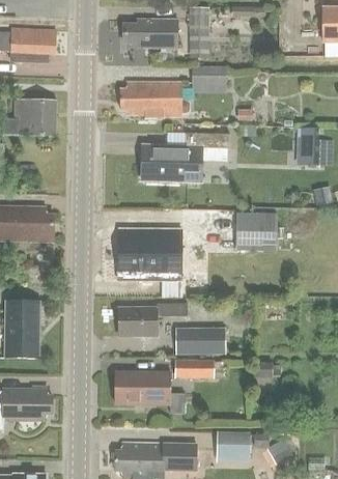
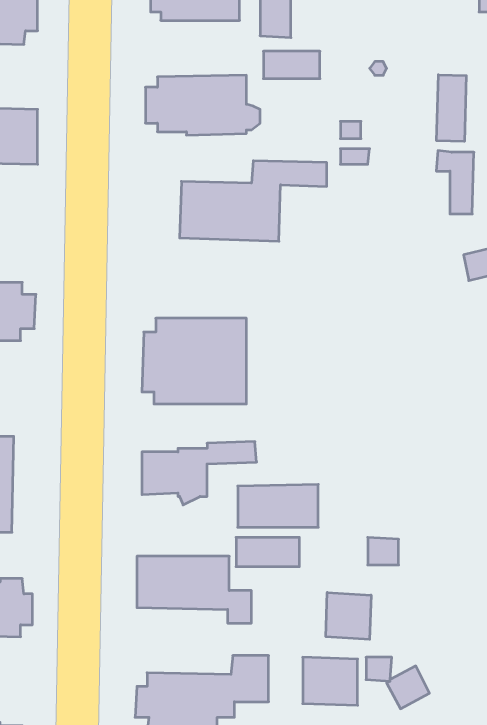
building: none -> [437,75,466,141]
building: [236,212,277,248] -> none
building: none -> [326,592,371,639]

